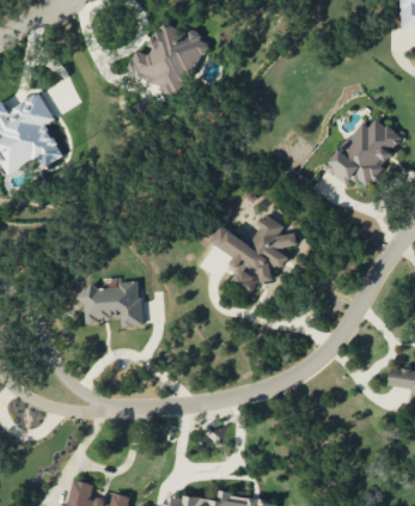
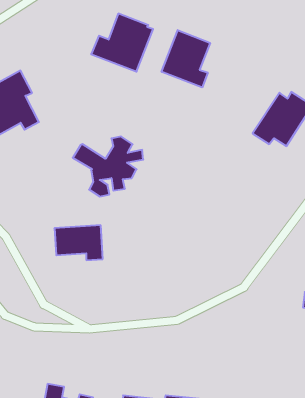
building: none -> [162,30,210,87]
building: [209,215,297,289] -> [73,136,143,196]

